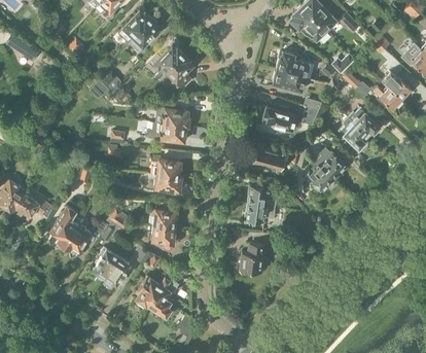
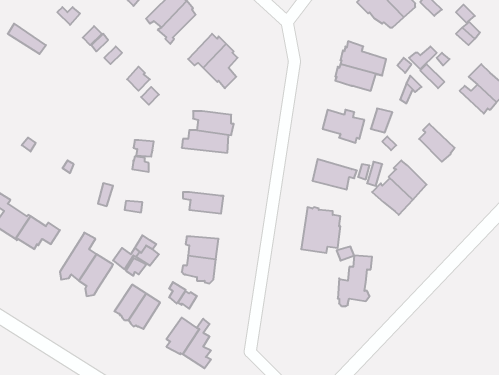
building: [349,107,381,137] -> none
building: [151,157,182,176] -> none
building: [241,233,269,274] -> [338,255,372,306]

